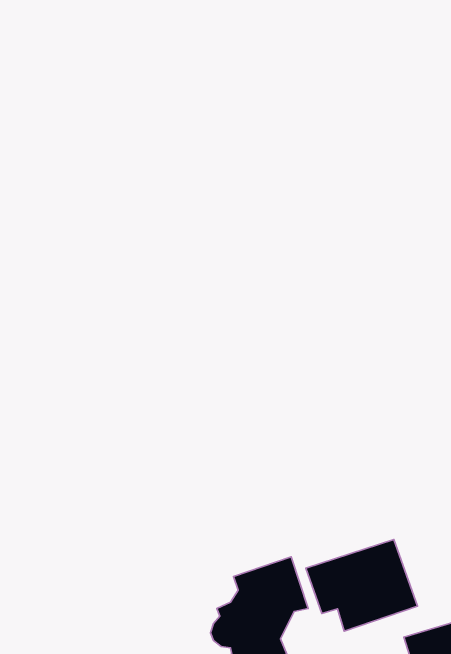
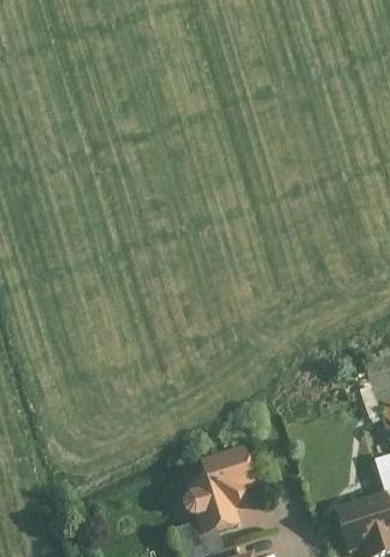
building: [306,539,418,631] -> none

